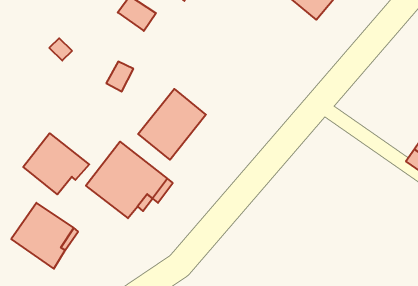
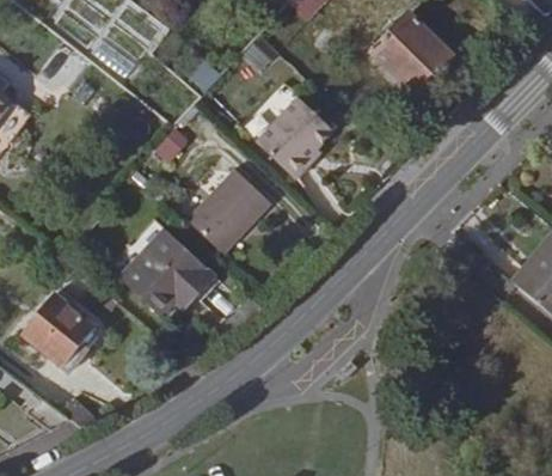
building: none -> [258,96,336,177]
building: [23,133,89,194] -> none

